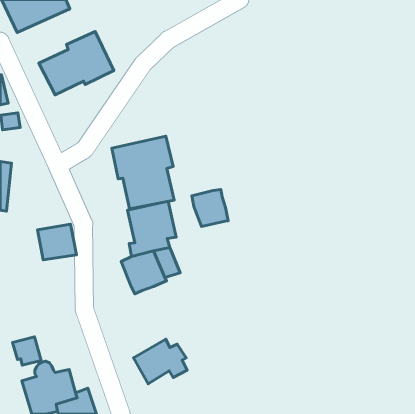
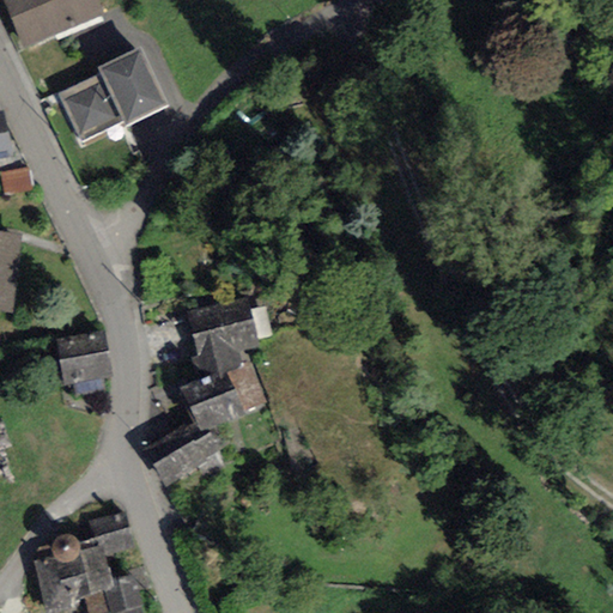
building: [112,136,174,209] -> none
building: [192,189,228,227] -> none
building: [13,337,41,365] -> [90,512,132,554]
building: [133,339,187,384] -> [145,421,224,487]

